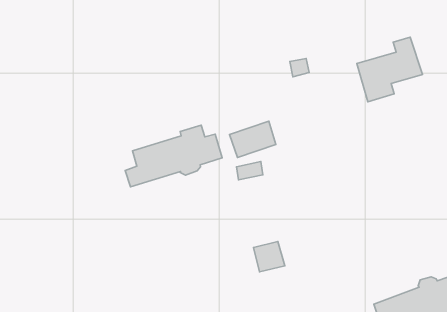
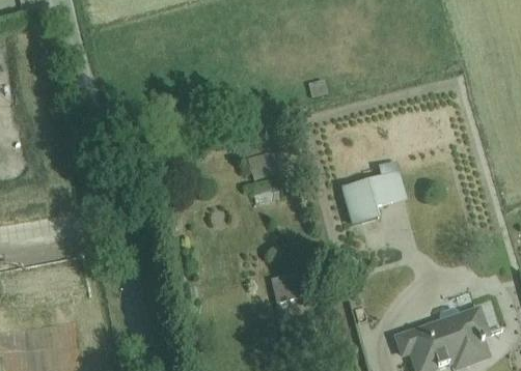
building: [357,37,422,102] -> [340,160,408,226]
building: [125,125,222,187] -> none

